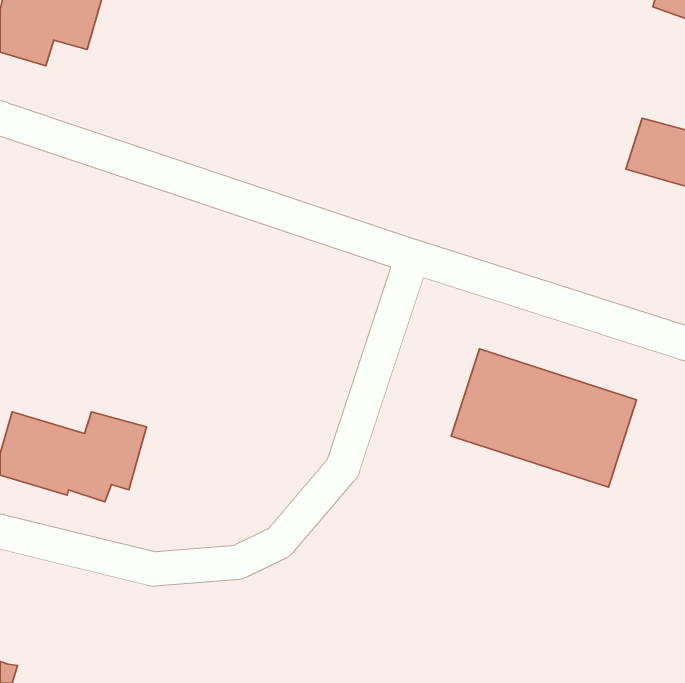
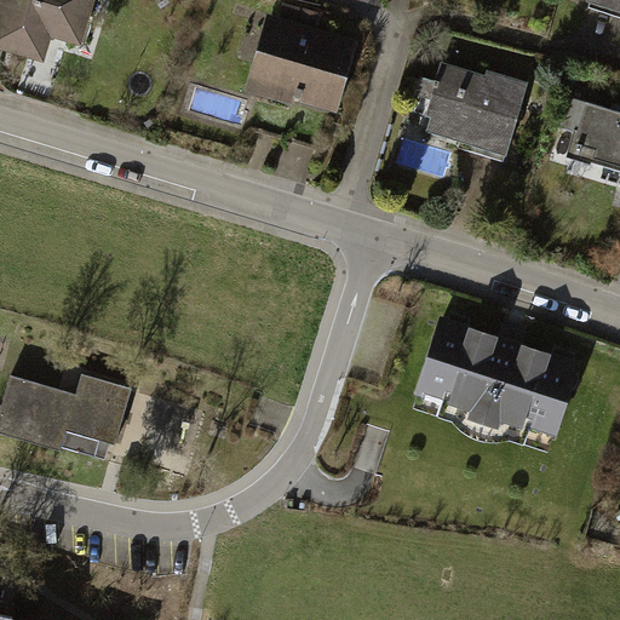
building: none -> [242,24,349,116]
building: none -> [420,65,526,154]

